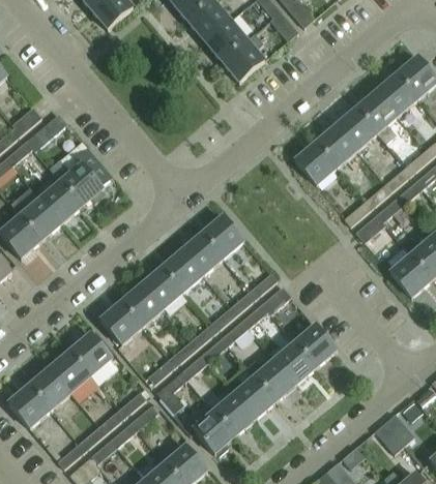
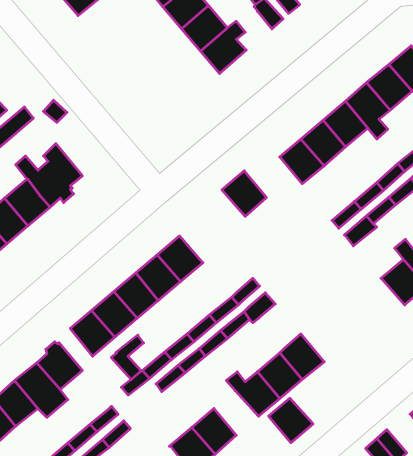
building: [202,215,243,258] -> [222,171,266,216]
building: [155,370,185,412] -> [111,335,144,380]
building: [234,376,275,418] -> [269,398,313,443]

